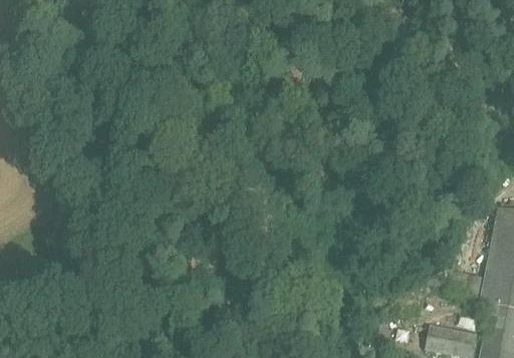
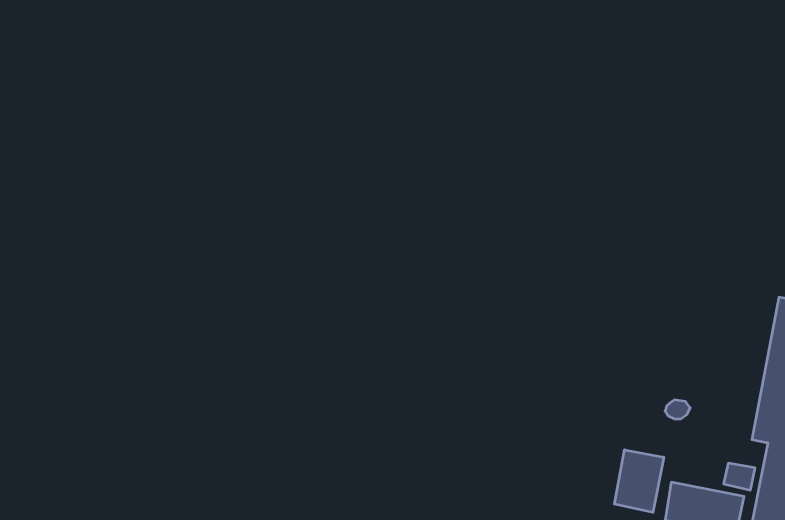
building: none -> [614,450,664,512]

